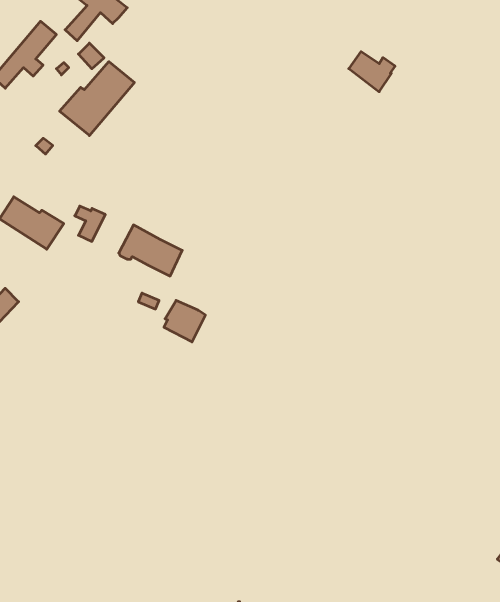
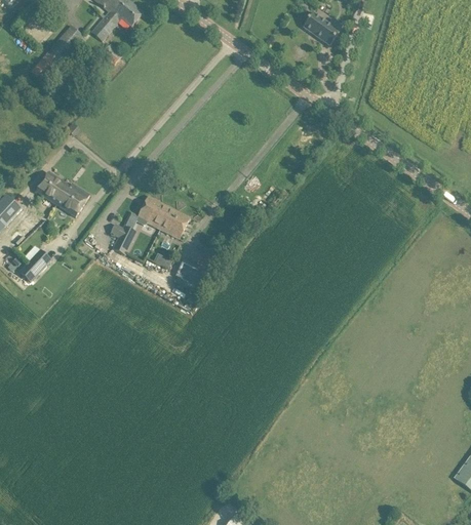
building: [349,52,395,92] -> [303,12,342,46]
building: [60,62,134,136] -> none
building: [75,206,105,241] -> [110,225,135,254]

